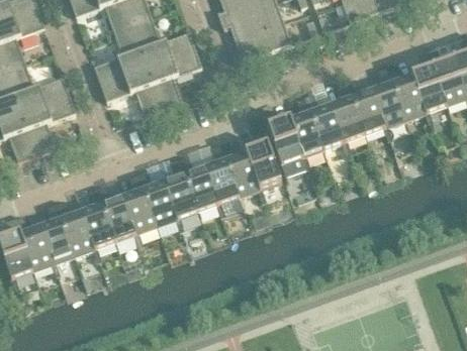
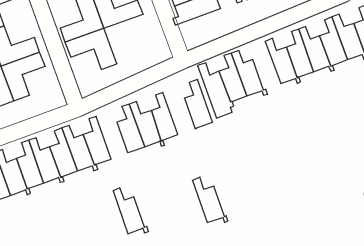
building: [147,48,201,109] -> none
building: [330,82,364,141] -> none
building: [219,140,263,196] -> [192,177,228,222]
building: [137,169,181,226] -> [113,188,149,234]

